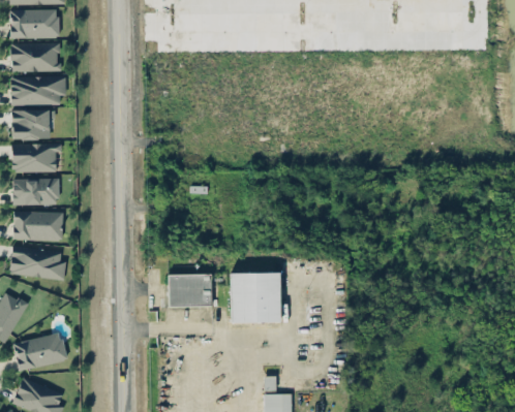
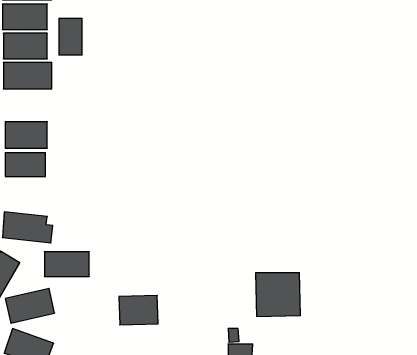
building: none -> [59,18,82,55]
building: [11,109,55,138] -> none
building: [12,212,63,240] -> [44,252,89,276]
building: [231,274,281,323] -> [256,273,300,316]
building: [169,275,213,308] -> [119,296,158,325]

